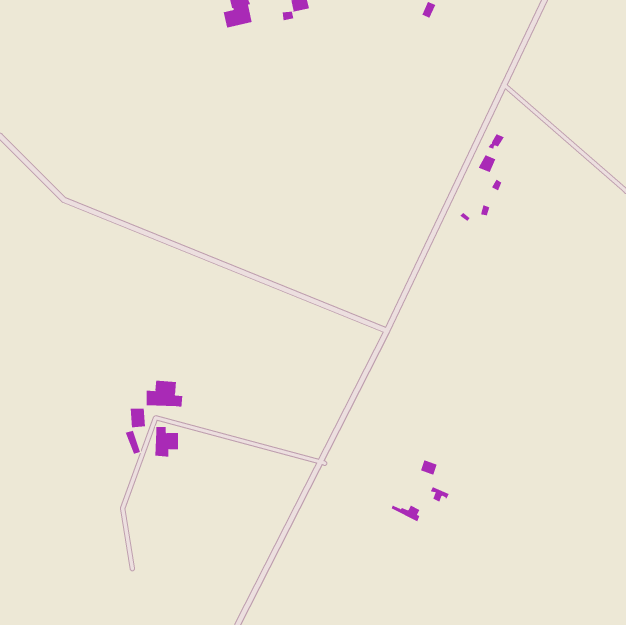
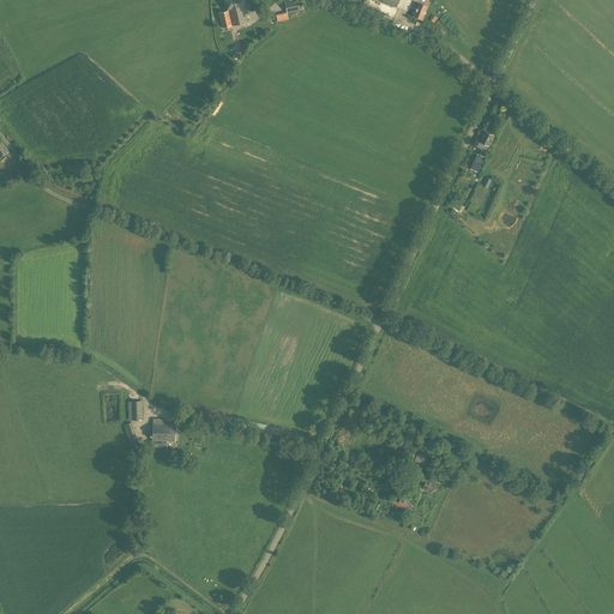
building: [146,380,183,407] -> none

